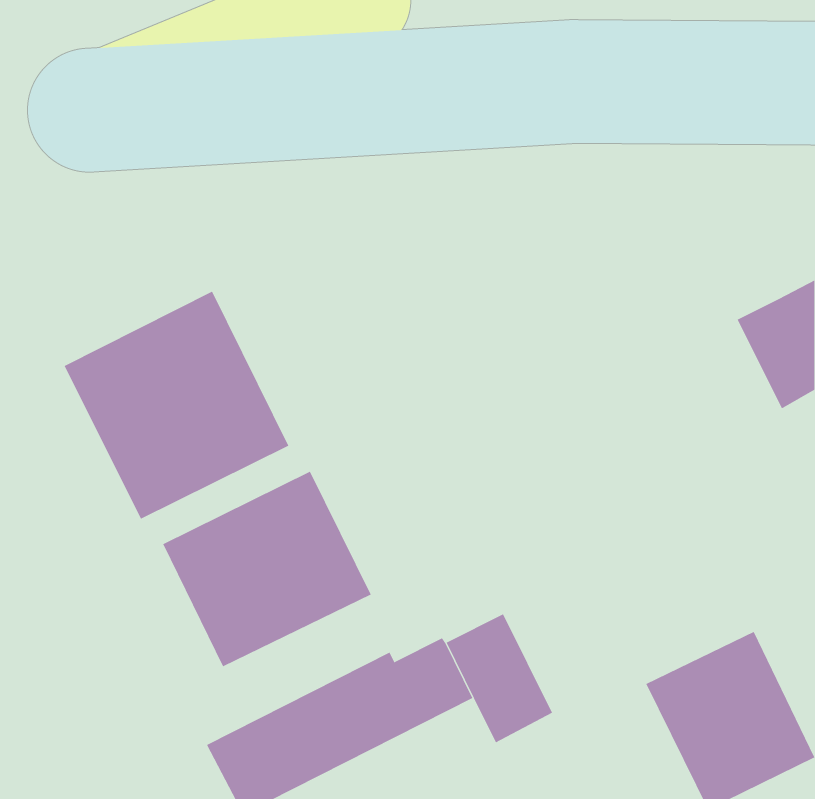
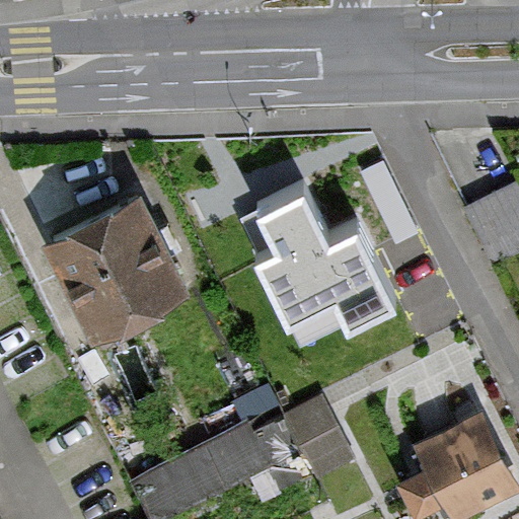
building: none -> [247,196,391,326]
building: [163,471,371,667] -> none

